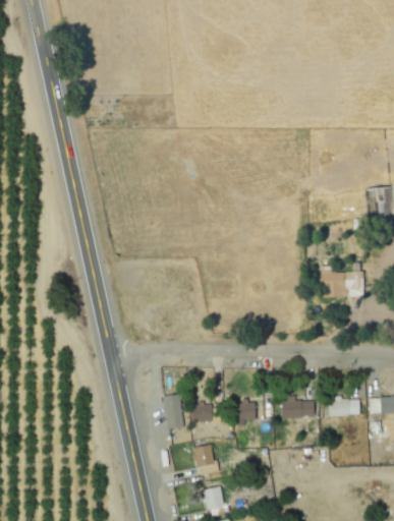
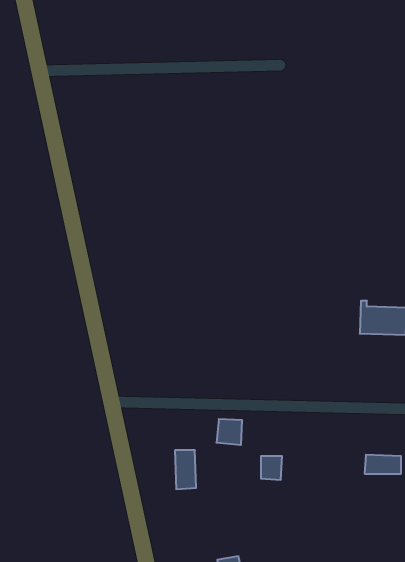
building: [191,400,214,422] -> [216,419,242,445]
building: [281,400,314,418] -> none
building: [193,445,214,474] -> none

